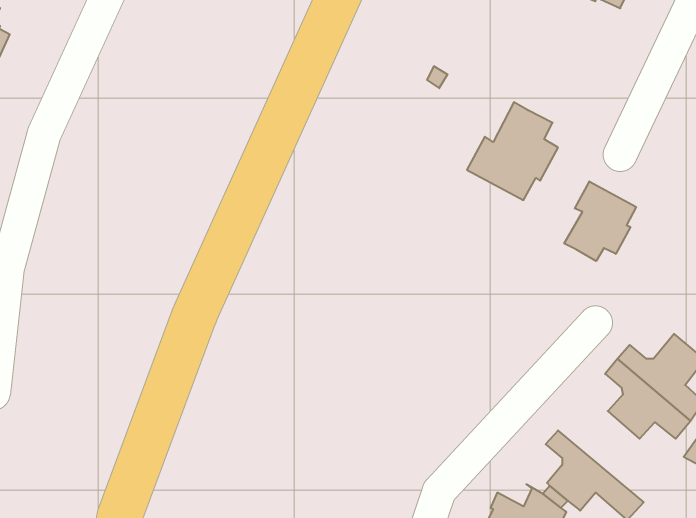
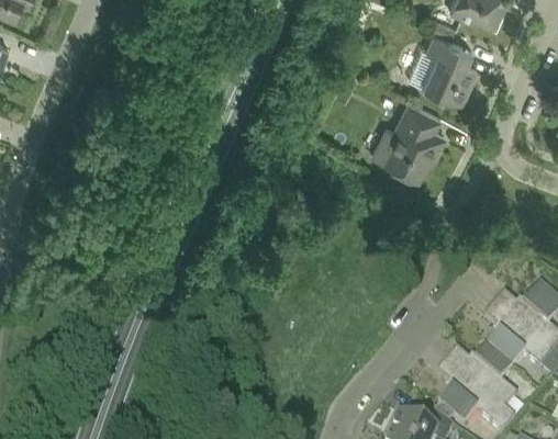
building: none -> [409,36,477,105]
building: [564,181,636,261] -> none
building: none -> [445,349,515,421]

